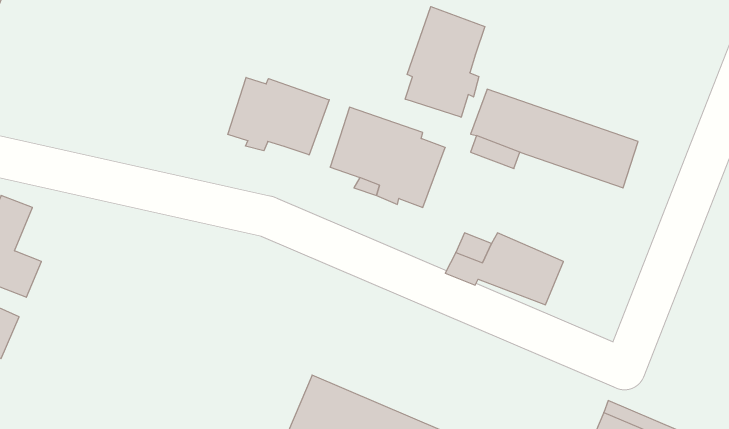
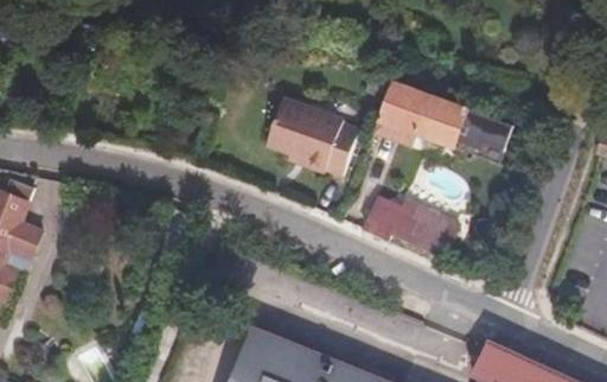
building: [405,7,485,117] -> none
building: [228,77,329,155] -> none

